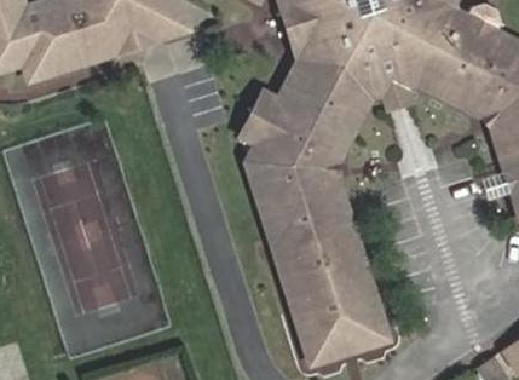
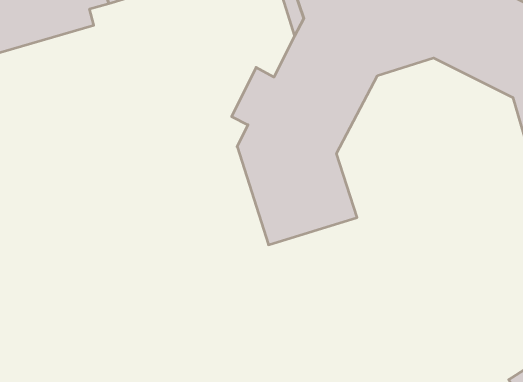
building: [270,221,384,361] -> none

